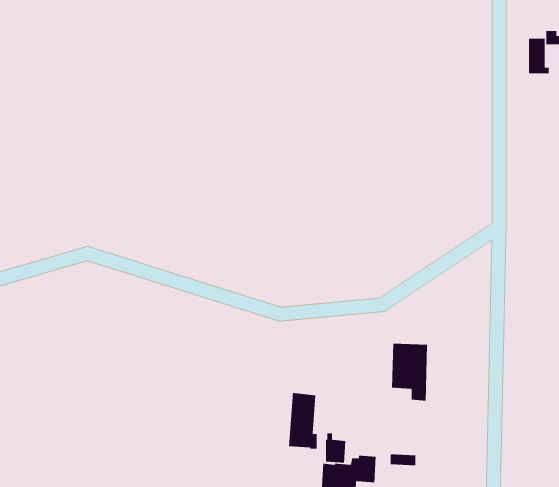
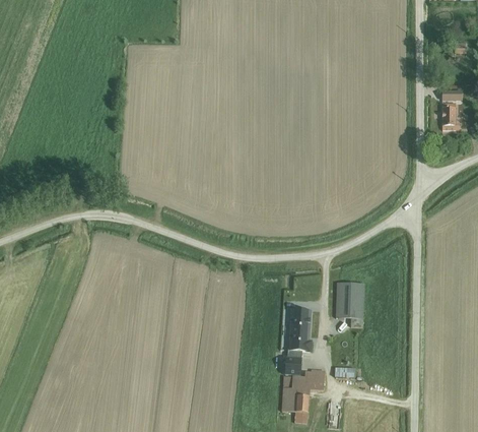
building: [528,38,549,74] -> [442,102,459,129]
building: [288,393,317,449] -> [289,307,312,351]

